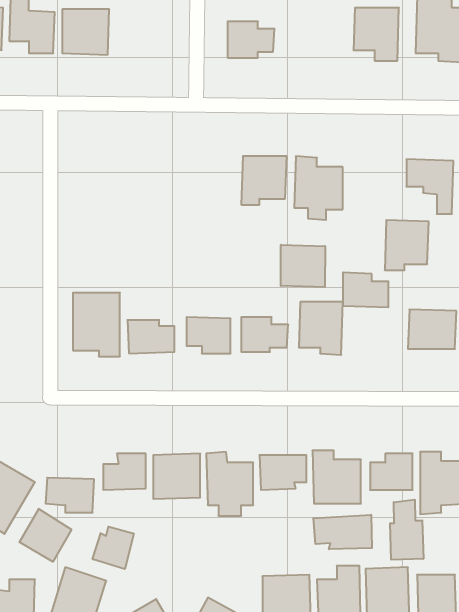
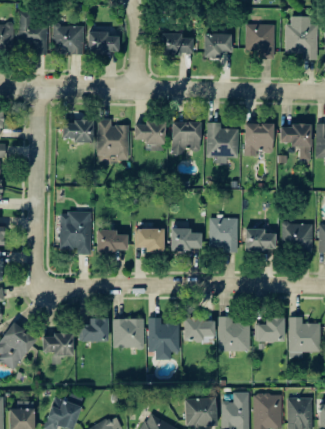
building: none -> [88,31,119,54]
building: none -> [204,34,231,58]
building: none -> [97,119,129,160]
building: none -> [62,120,93,143]
building: none -> [134,122,166,144]
building: [385,220,429,270] -> [244,123,273,156]
building: [281,245,325,287] -> none
building: [343,272,388,307] -> [245,228,275,251]
building: [390,500,423,560] -> none
building: [19,509,71,562] -> none
building: [313,515,372,549] -> none
building: [93,527,134,569] -> none

